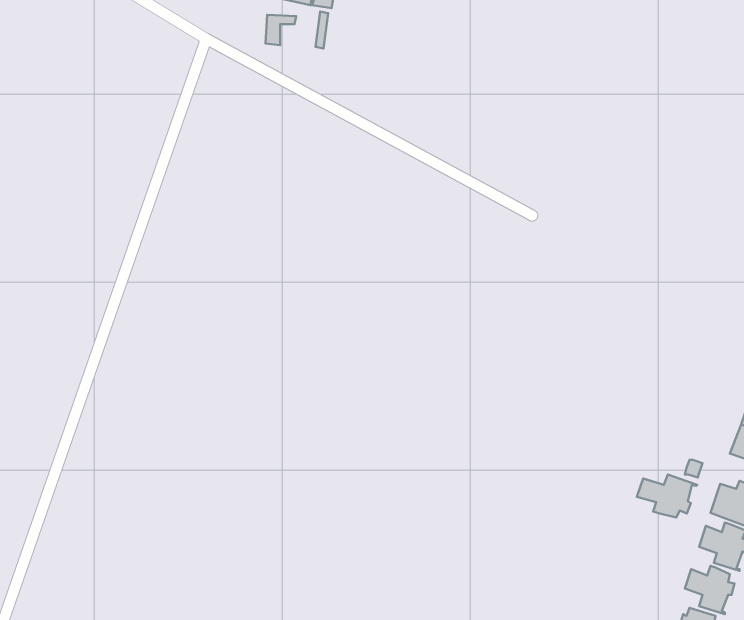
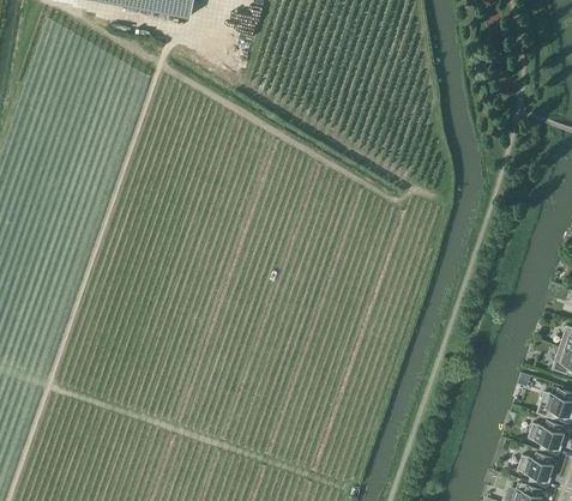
building: [637,475,697,518] -> none

